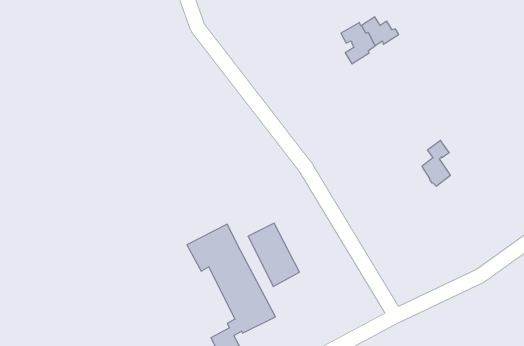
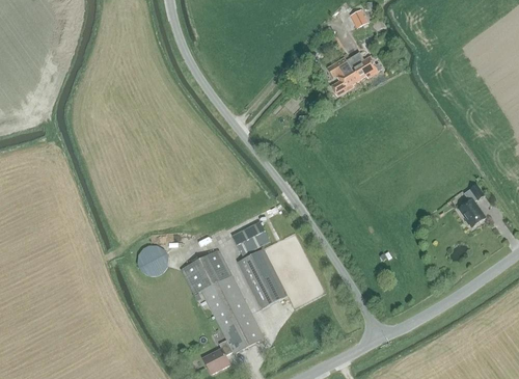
building: [422,140,450,186] -> [459,183,486,226]
building: none -> [233,221,270,253]
building: none -> [138,244,168,275]

